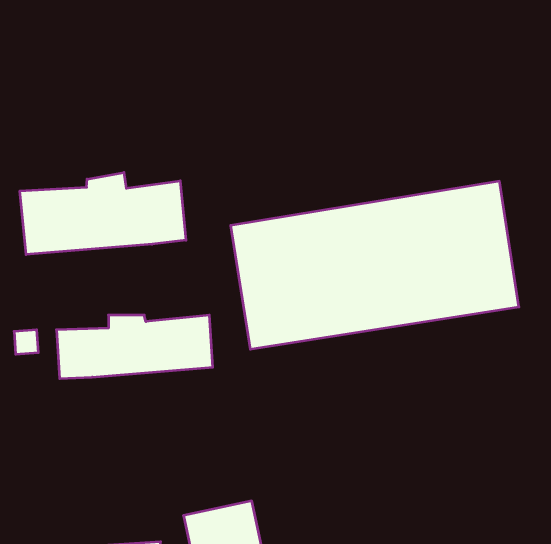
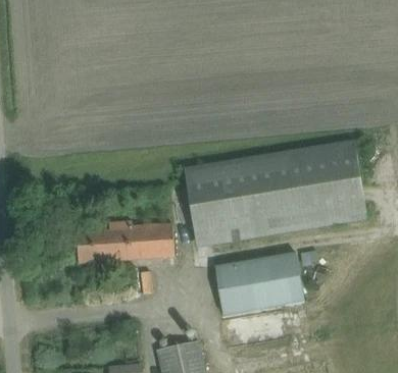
building: [20,172,186,255] -> none
building: none -> [214,252,304,316]

